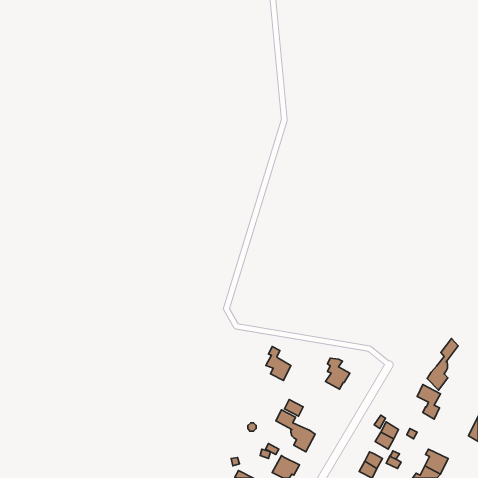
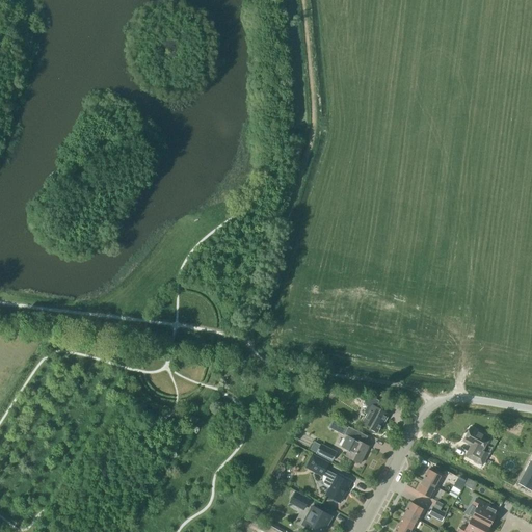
building: [427,338,458,390] -> none
building: [266,347,291,380] -> [341,426,369,463]

